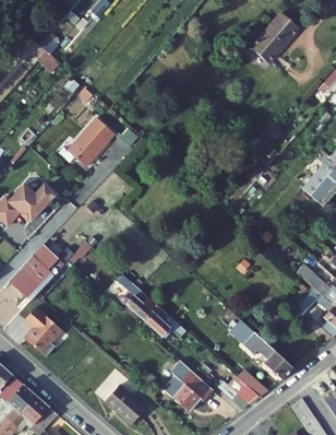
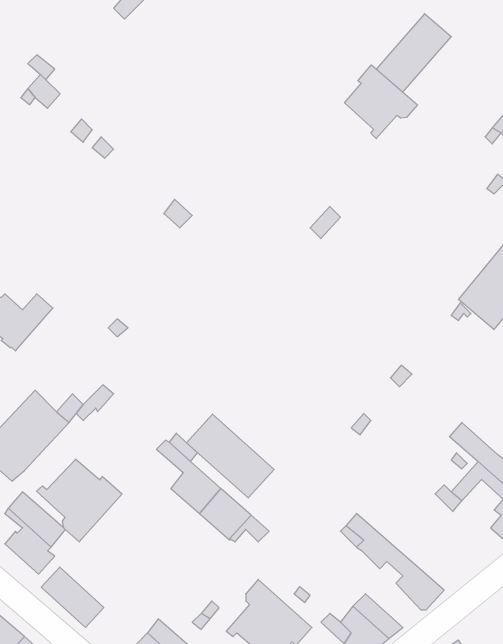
building: none -> [345,65,418,139]
building: [68,118,116,167] -> none
building: none -> [187,414,274,498]
building: none -> [37,459,122,542]
building: none -> [41,567,104,627]

